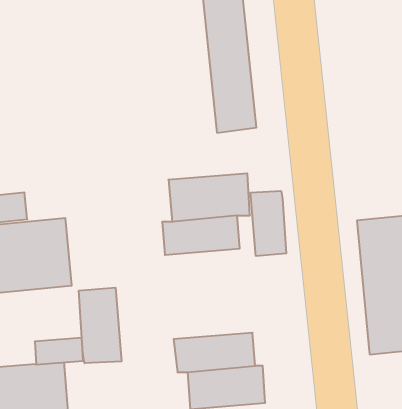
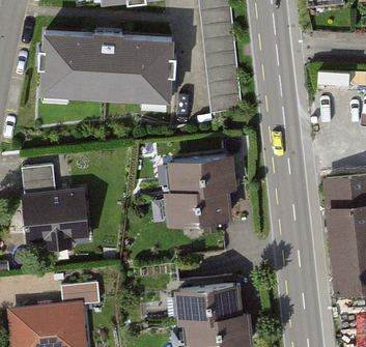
building: none -> [37,38,176,104]
building: [251,191,286,256] -> none
building: [79,288,121,363] -> none

